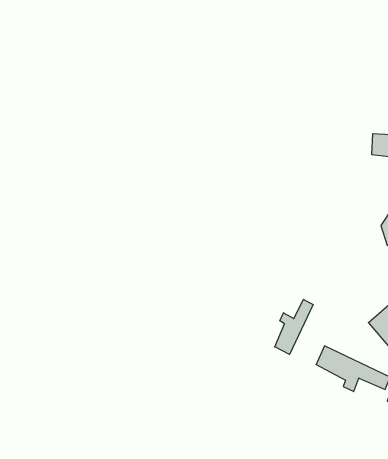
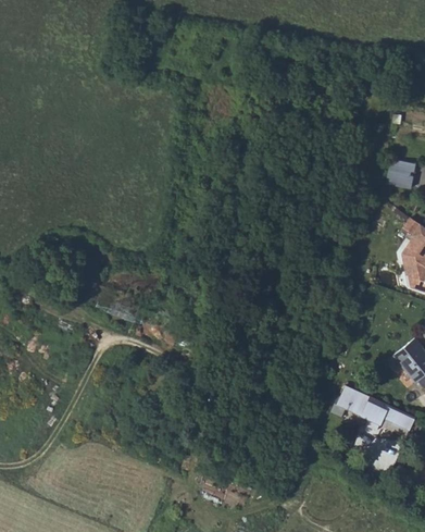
building: [275,299,313,354] -> none

